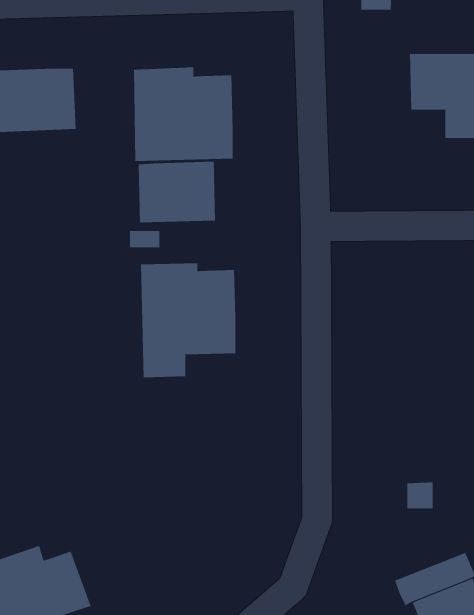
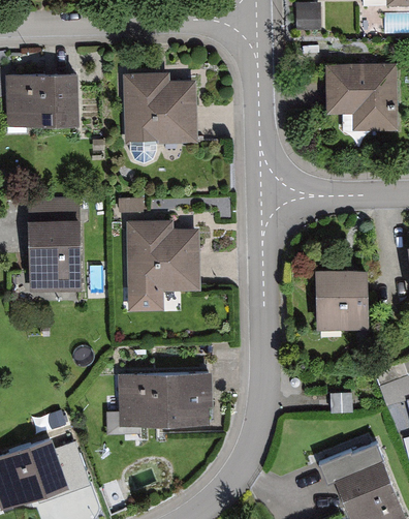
building: [138,161,216,223] -> none
building: none -> [28,199,81,291]
building: none -> [315,265,369,326]
building: none -> [118,374,211,427]

